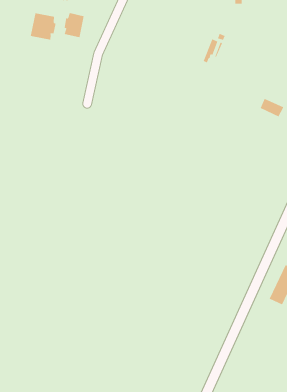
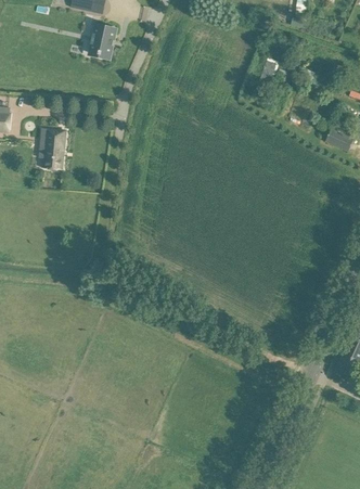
building: [30,12,56,40] -> none
building: none -> [38,128,65,170]

